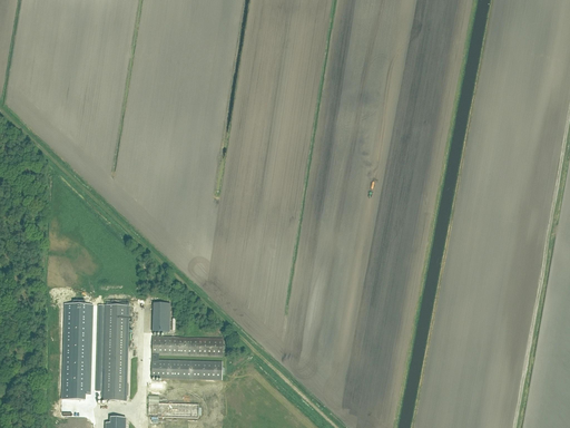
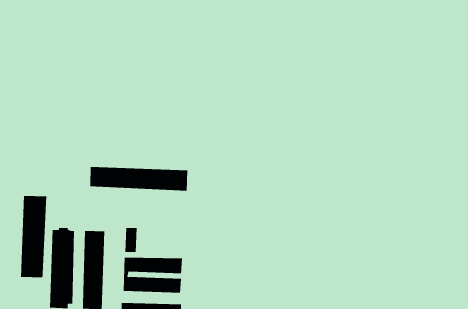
building: none -> [90,166,188,191]
building: none -> [20,195,47,278]

